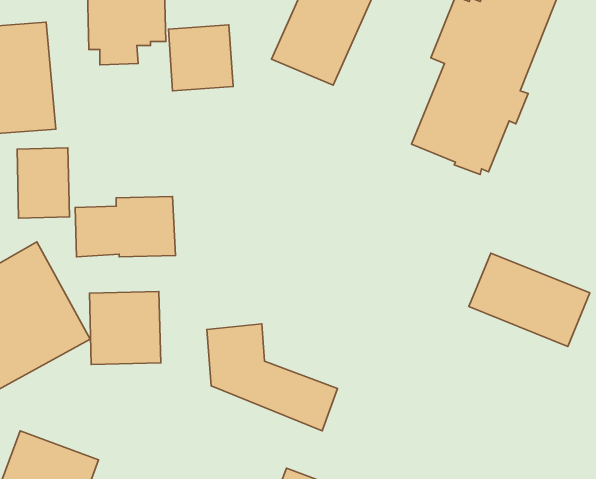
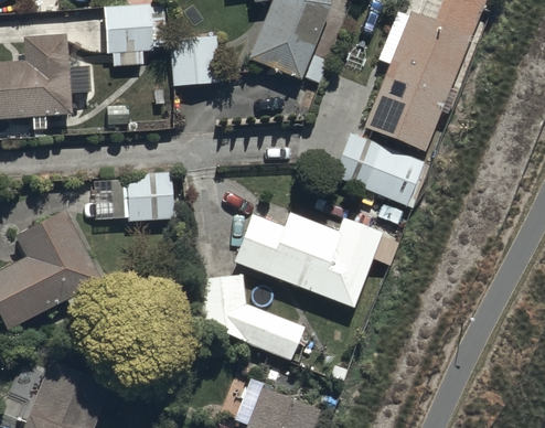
building: [17,148,70,218] -> none
building: none -> [232,194,383,312]
building: [469,253,590,346] -> [331,130,428,205]
building: [90,291,161,364] -> none

